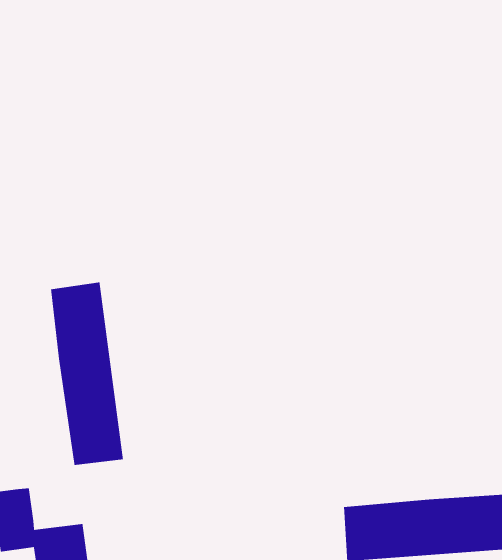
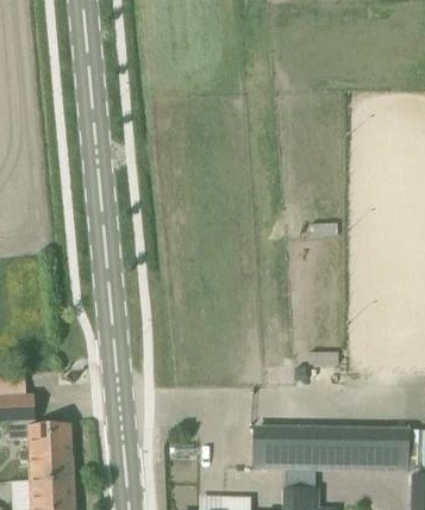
building: [50,281,124,466] -> none

